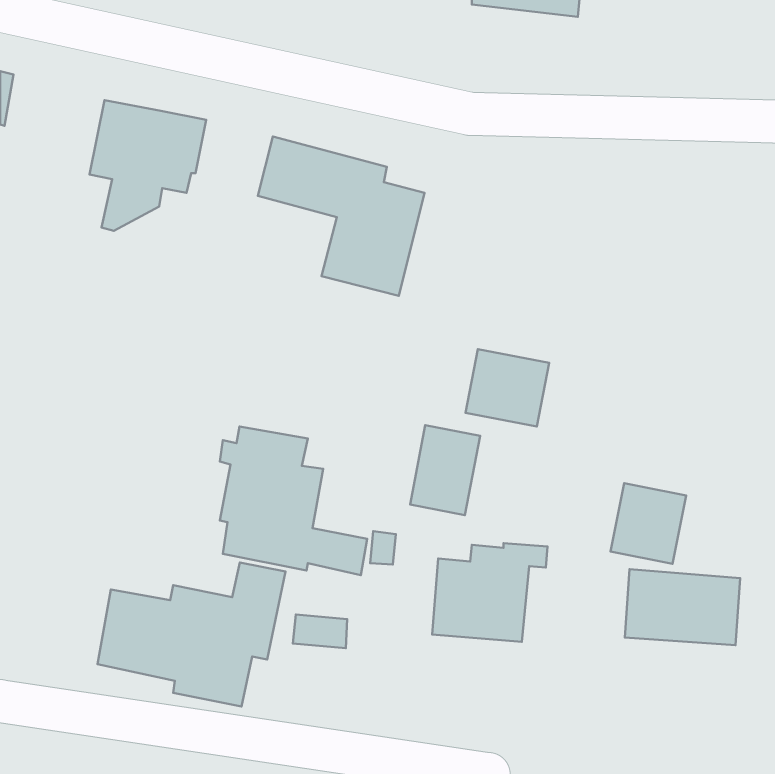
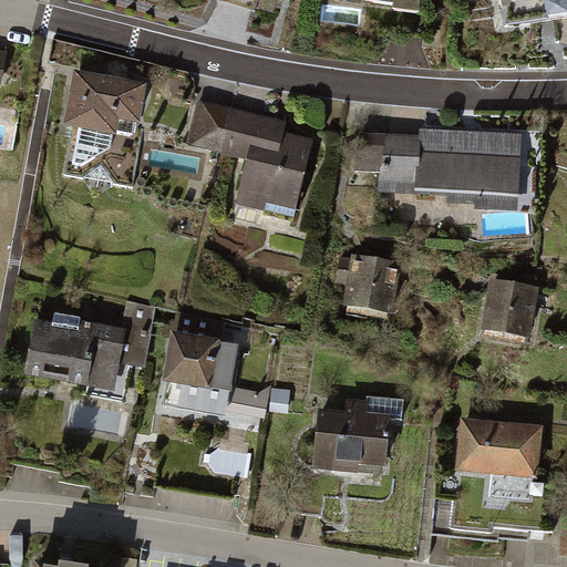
building: none -> [357,131,517,189]
building: [410,425,480,515] -> none
building: [610,483,686,564] -> [482,280,537,339]
building: [97,562,285,707] -> [22,299,159,404]

